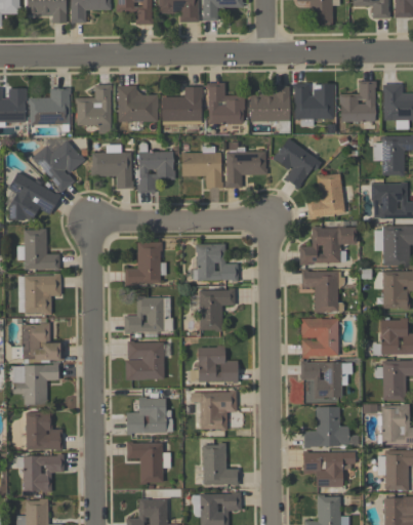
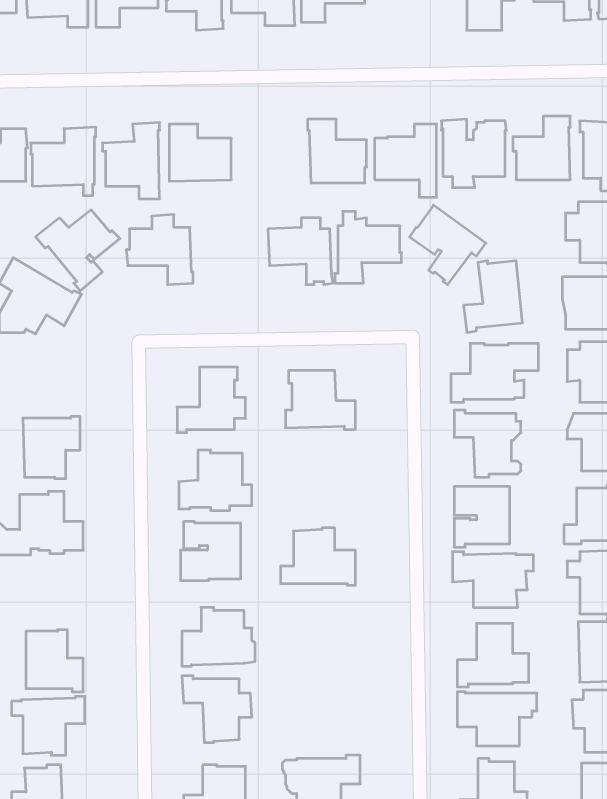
building: [162,86,203,124] -> none
building: [137,142,175,193] -> none
building: [24,229,59,270] -> none
building: [199,288,235,331] -> none
building: [13,363,59,404] -> none
building: [191,390,236,431] -> none
building: [203,443,239,486] -> none

